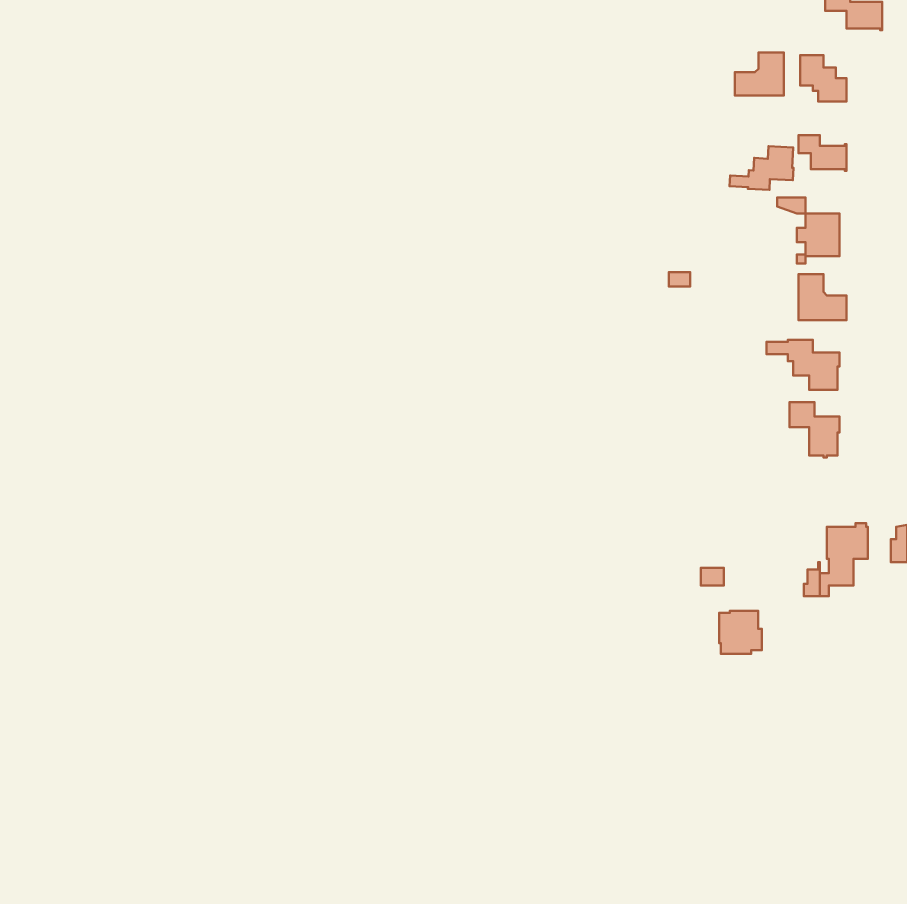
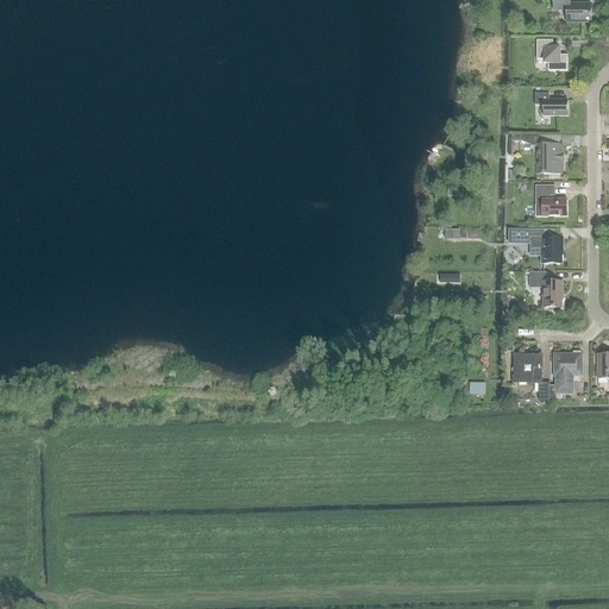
building: [735,52,784,96] -> none
building: [730,146,794,190] -> none
building: [719,611,762,654] -> [513,352,541,381]

